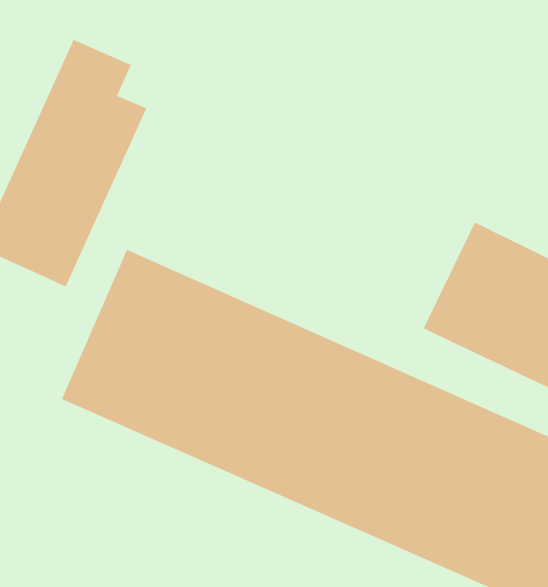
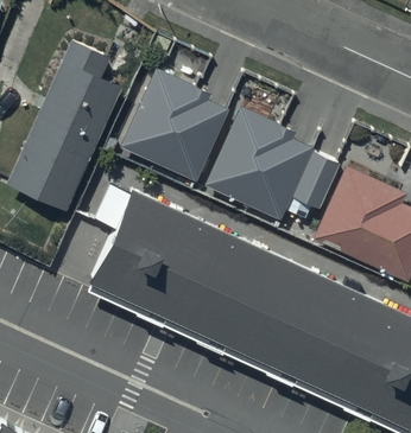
building: none -> [121,68,230,182]
building: none -> [206,106,342,218]

